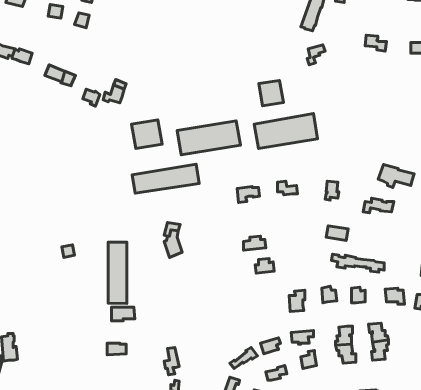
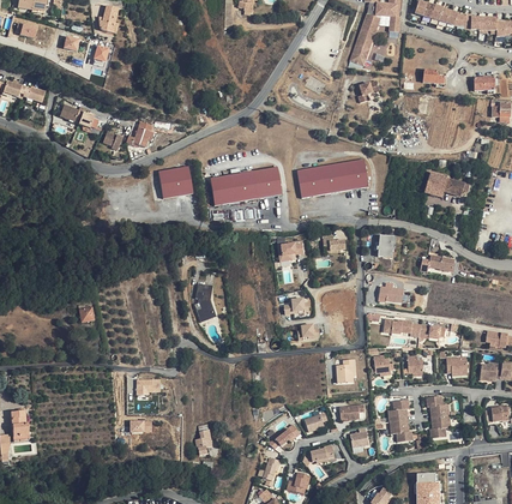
building: [259,80,283,106] -> none
building: [132,164,199,193] -> none
building: [378,164,414,188] -> [424,172,465,198]
building: [108,242,127,303] -> none

